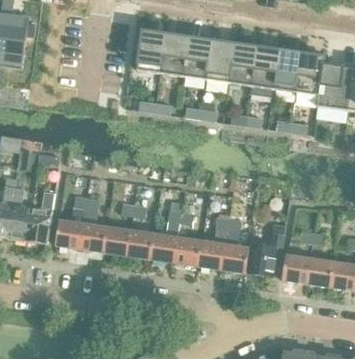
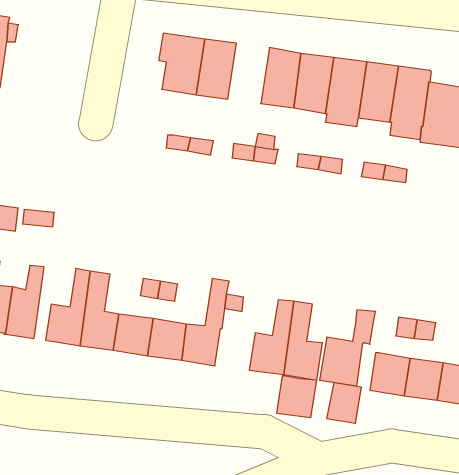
building: [182,37,211,79] -> none
building: [173,237,201,266] -> [277,376,317,417]
building: none -> [327,382,361,424]

